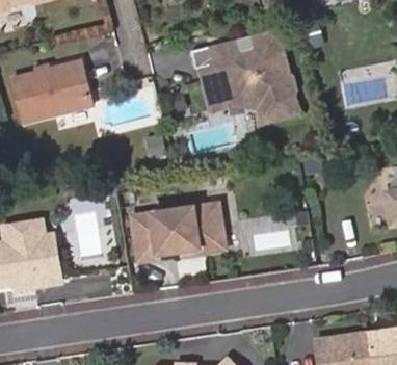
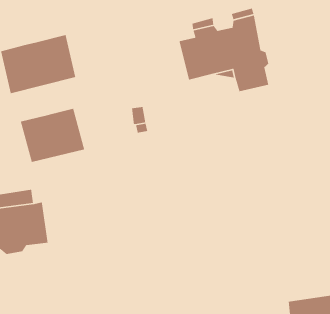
building: none -> [20,108,85,163]
building: [132,205,226,262] -> none

